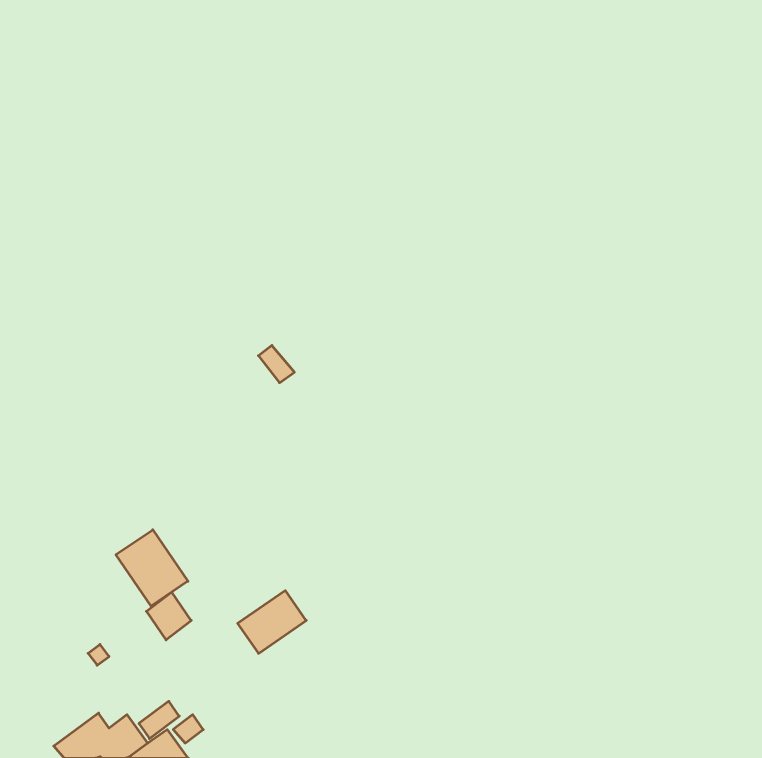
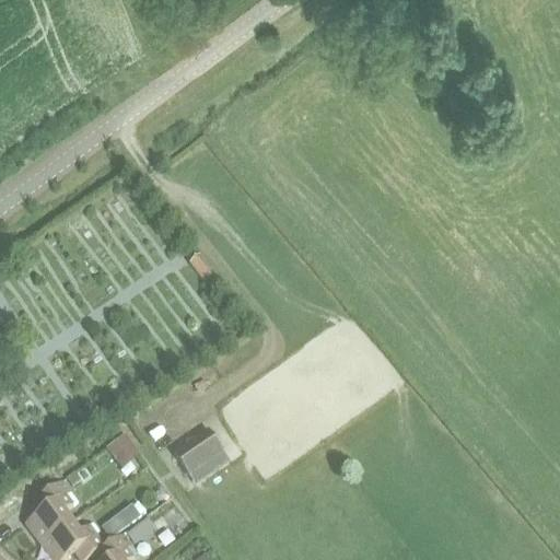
building: [116,530,188,606] -> none
building: none -> [25,480,79,546]

